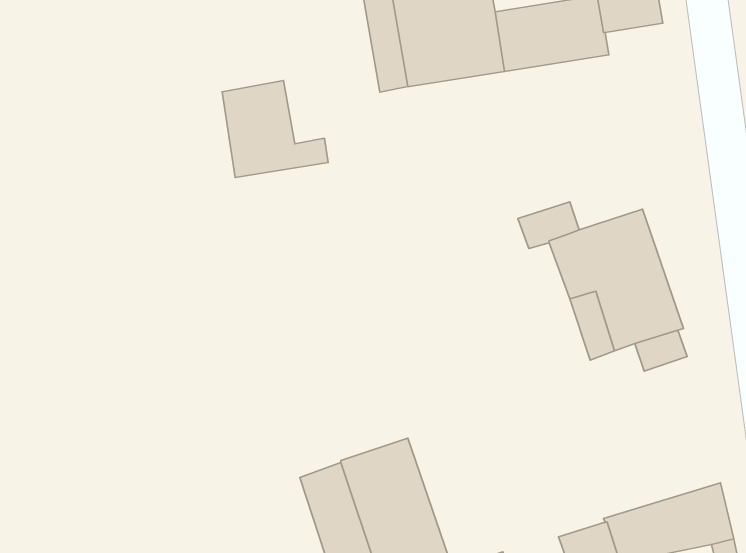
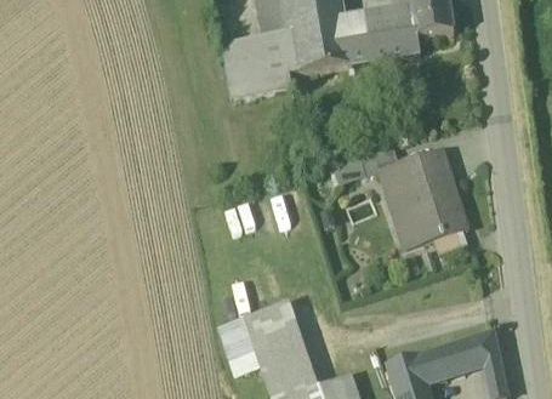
building: [222,81,328,177] -> [222,33,291,96]

